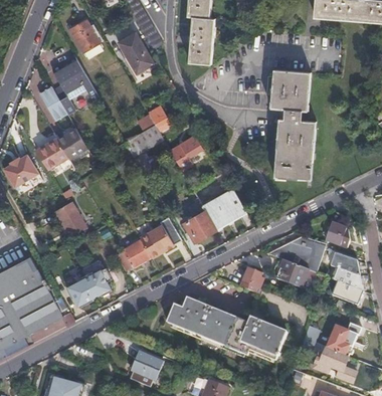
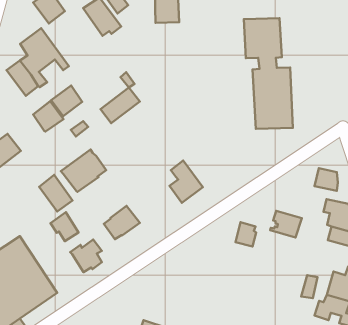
building: [169,138,196,169] -> none
building: [36,139,66,168] -> [51,86,82,116]
building: [192,184,245,228] -> none
building: [137,217,181,257] -> [61,149,106,192]
building: [268,236,324,270] -> none
building: [64,279,90,308] -> [51,212,78,241]
building: [167,299,285,360] -> none

